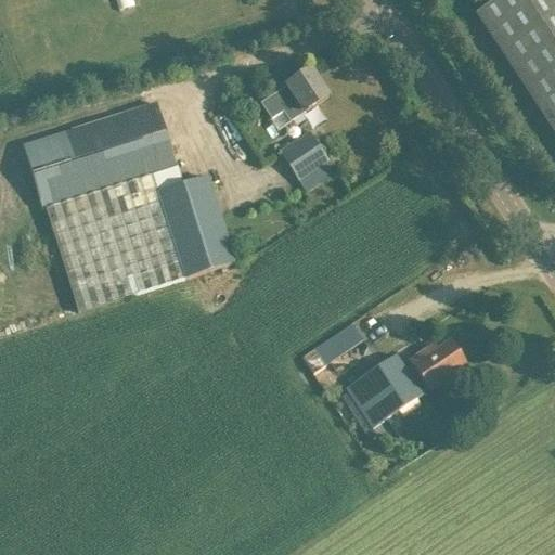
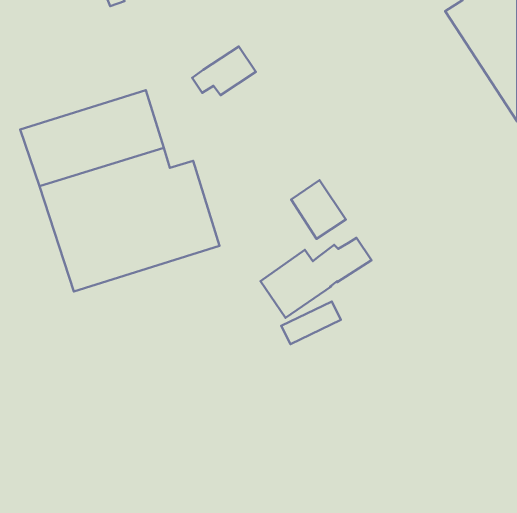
building: [260,67,328,119] -> [192,46,256,95]
building: [279,128,337,191] -> [291,180,346,239]
building: [347,340,466,426] -> [260,238,372,318]

